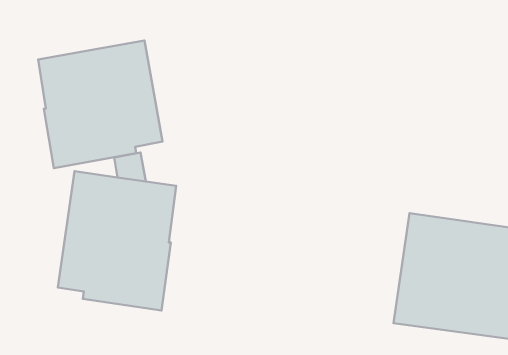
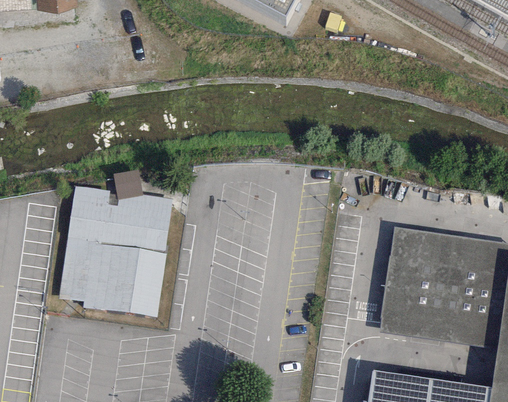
building: [38,40,162,168] -> none

